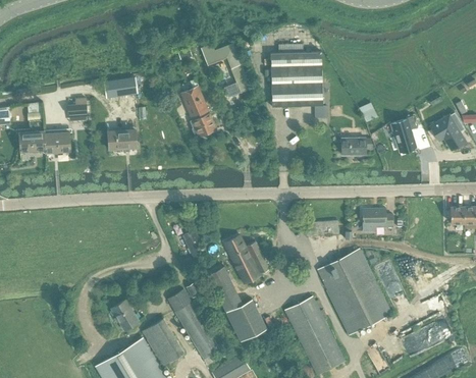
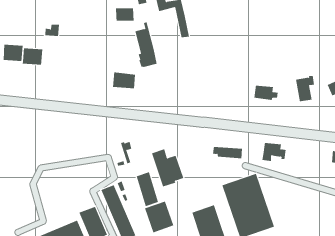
building: [270,44,322,107] -> none
building: [104,78,130,98] -> [115,8,135,21]
building: [107,129,137,150] -> [112,72,136,89]
building: [111,300,139,330] -> none

